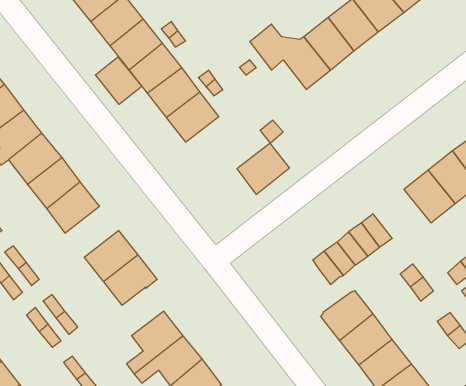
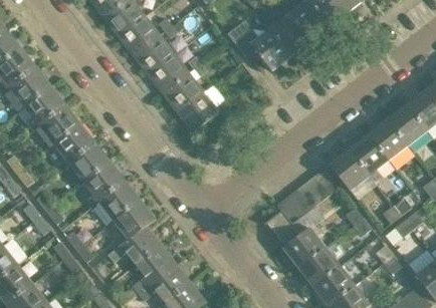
building: [95,57,142,104] -> none
building: [237,143,290,195] -> [177,91,218,131]
building: none -> [329,148,376,199]
building: none -> [82,162,125,202]
building: none -> [265,210,306,245]
building: none -> [106,225,160,263]

